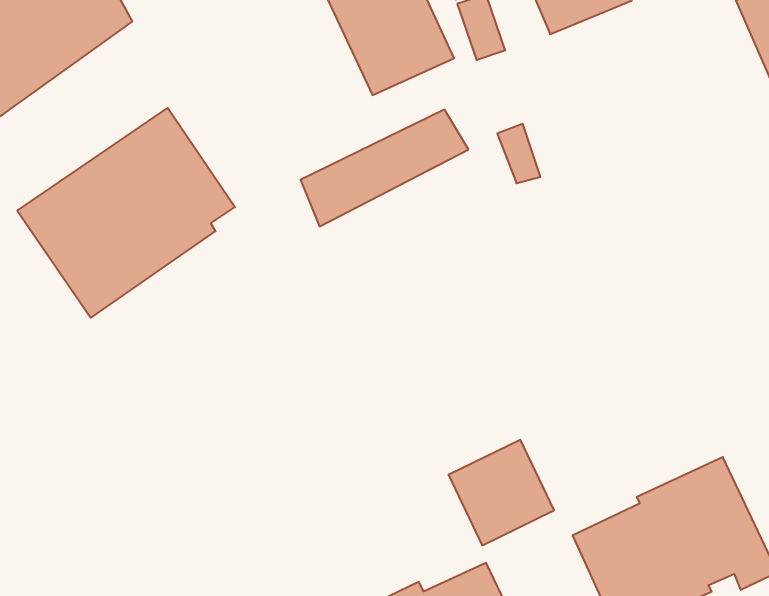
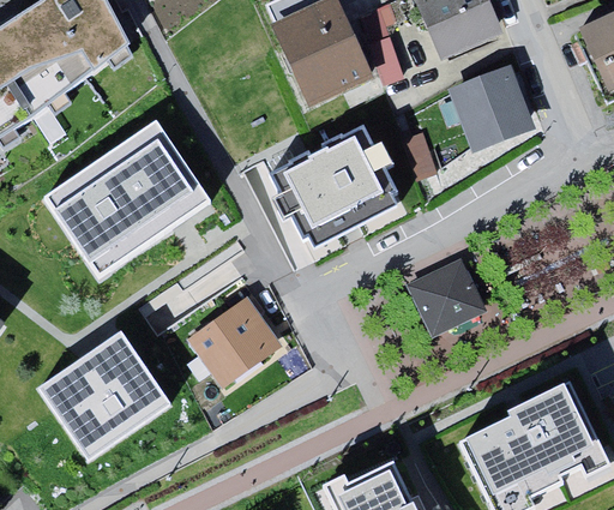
building: none -> [452,70,537,152]
building: none -> [270,149,401,245]
building: none -> [194,302,278,384]
building: none -> [38,329,169,457]
building: [448,440,554,545] -> [407,253,486,332]

